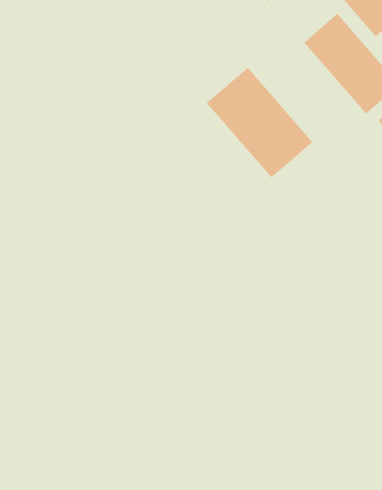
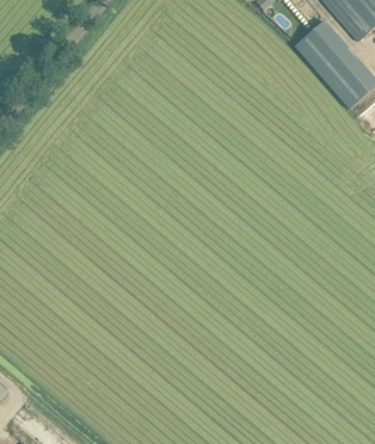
building: [206,67,313,178] -> none

